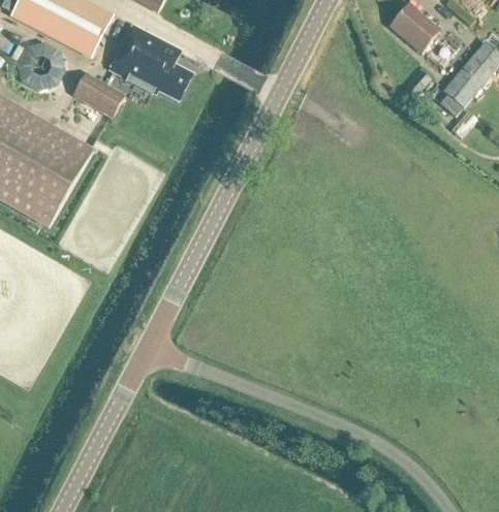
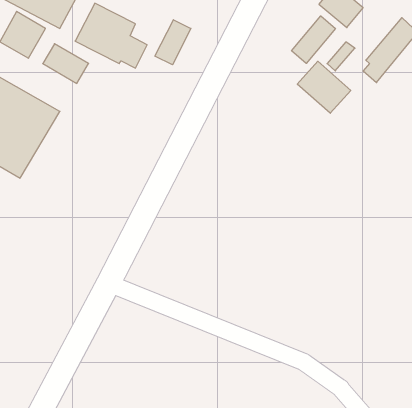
building: none -> [292,16,335,63]
building: none -> [155,20,191,65]
building: none -> [297,61,351,113]

